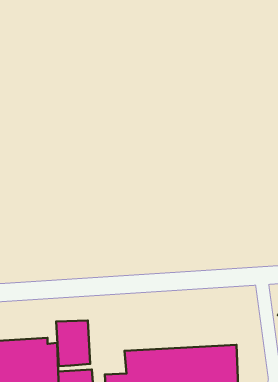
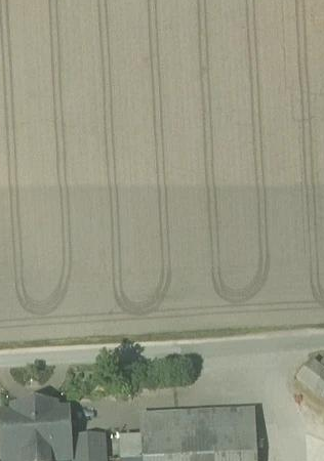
building: [56,320,90,366] -> none

